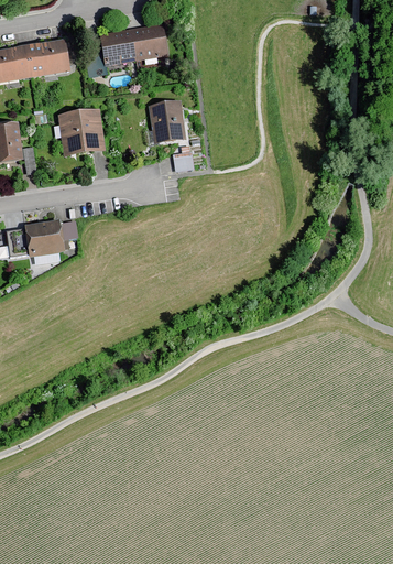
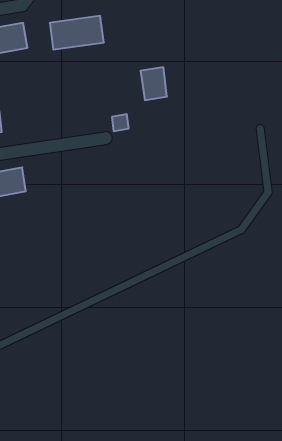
building: [151,101,184,142] -> [140,67,167,100]
building: [57,105,106,155] -> none

